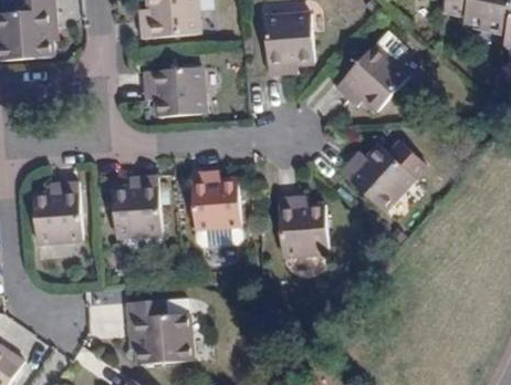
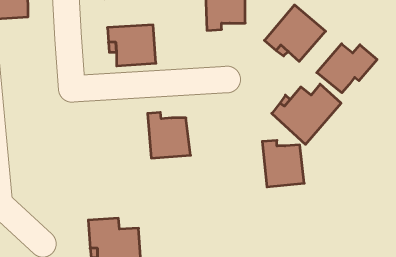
building: none -> [317,44,377,93]
building: [113,178,163,236] -> none
building: [34,185,83,241] -> none
building: [279,195,330,251] -> [262,140,304,187]

